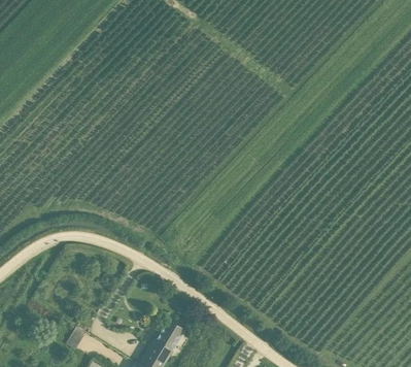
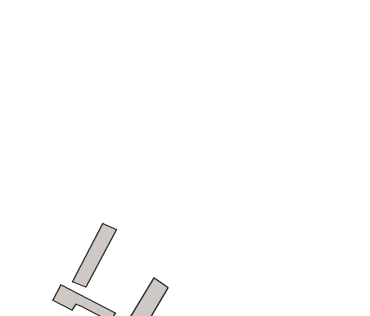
building: none -> [73,223,116,287]

